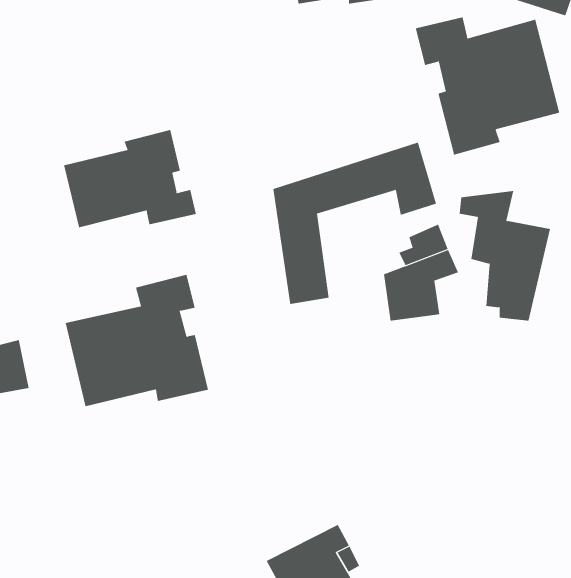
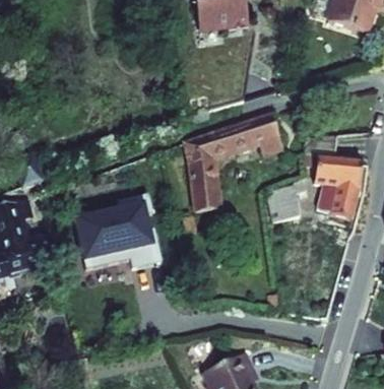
building: [415,17,560,156] -> none
building: [64,129,196,228] -> none

